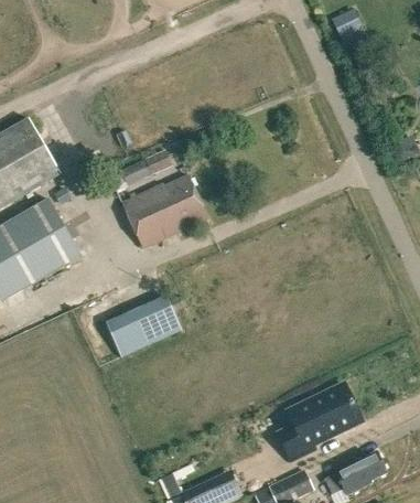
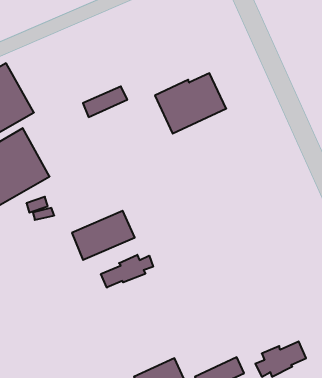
building: [122,174,207,246] -> [155,73,226,134]
building: none -> [101,255,153,288]
building: [278,383,360,460] -> none

